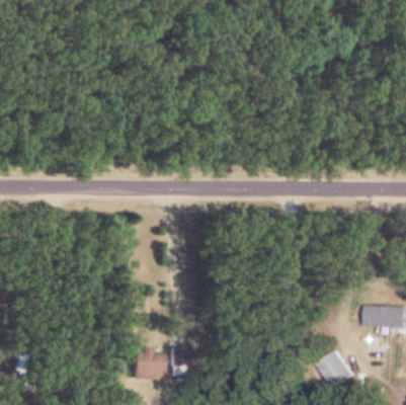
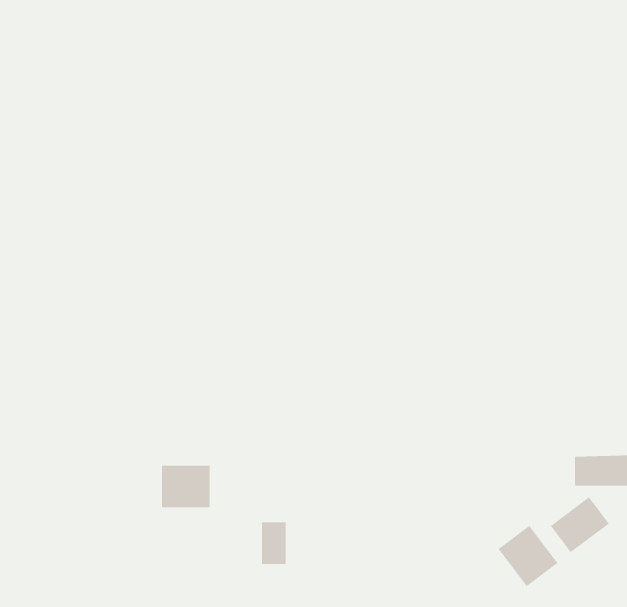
building: none -> [550,496,610,553]
building: [131,351,162,379] -> [161,465,211,508]

